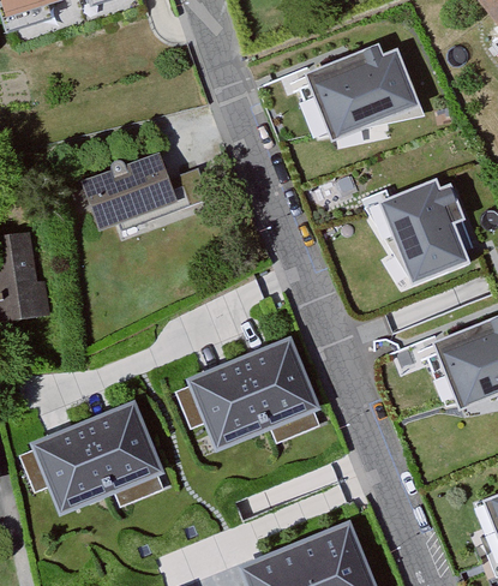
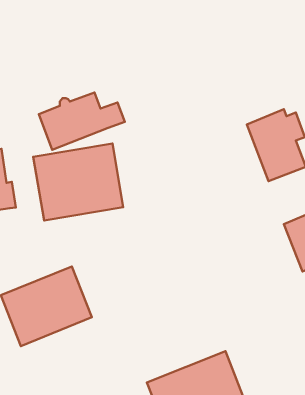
building: [306,44,419,136] -> none
building: none -> [33,143,123,220]
building: [186,339,317,452] -> none

